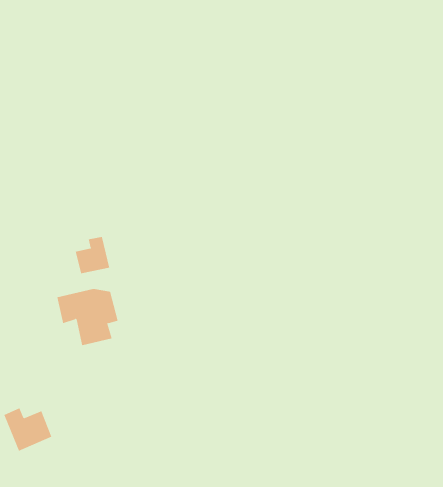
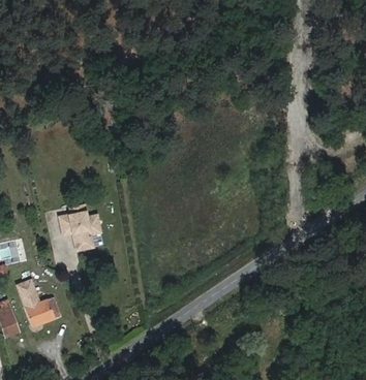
building: [75,236,110,274] -> none

